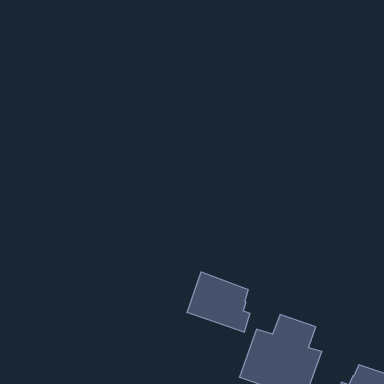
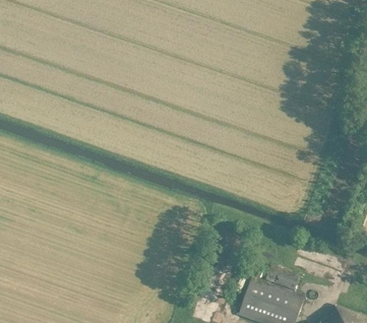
building: [187,272,250,332] -> none

